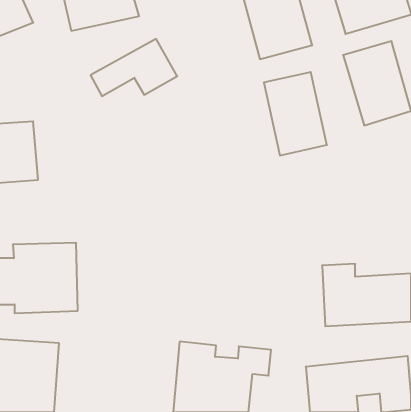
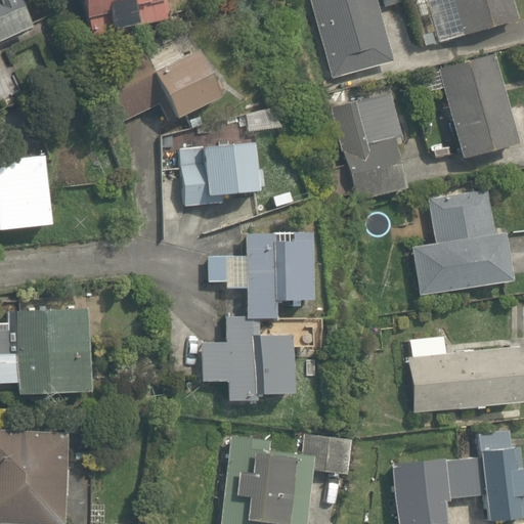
building: none -> [178,140,262,206]
building: none -> [412,189,512,291]
building: none -> [207,228,320,315]
building: none -> [202,317,295,401]

